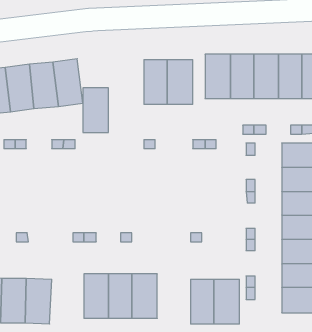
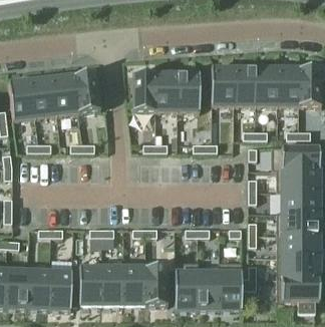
building: [83,88,108,132] -> [132,71,155,111]
building: none -> [79,265,101,305]
building: none -> [175,270,198,310]

